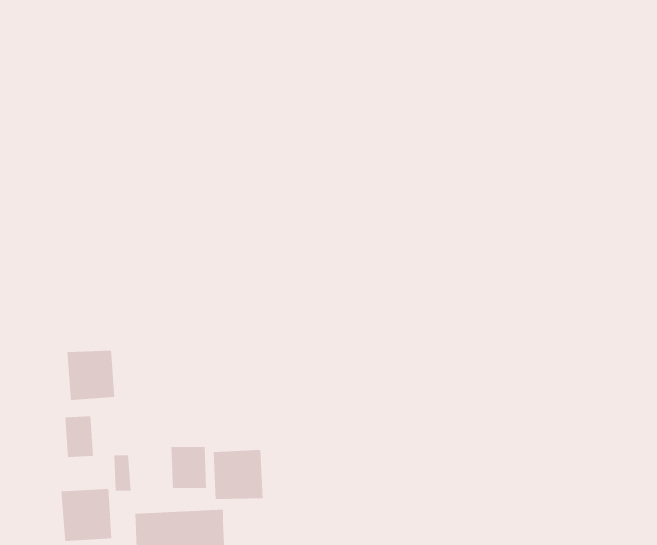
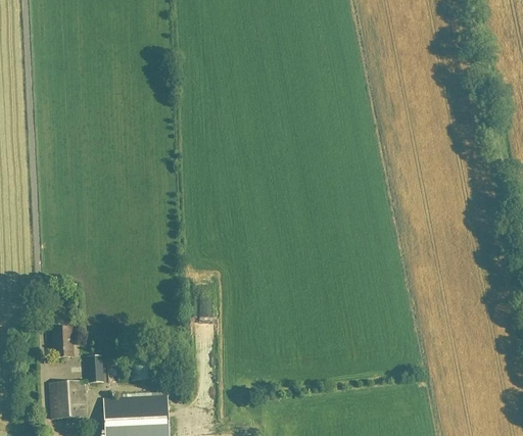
building: [67,350,115,401] -> none
building: [213,449,263,500] -> none

